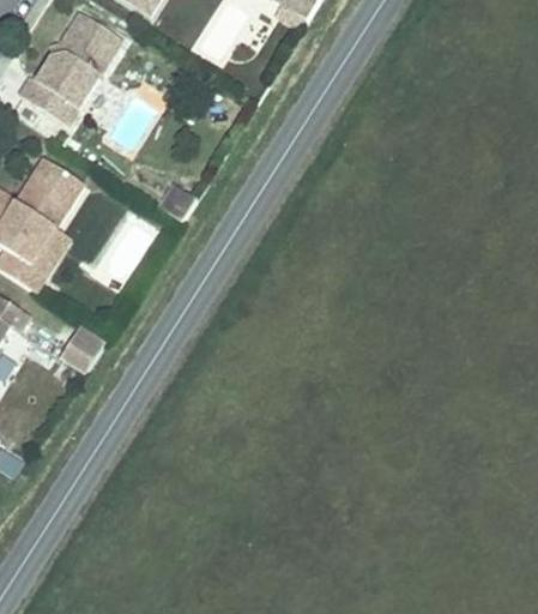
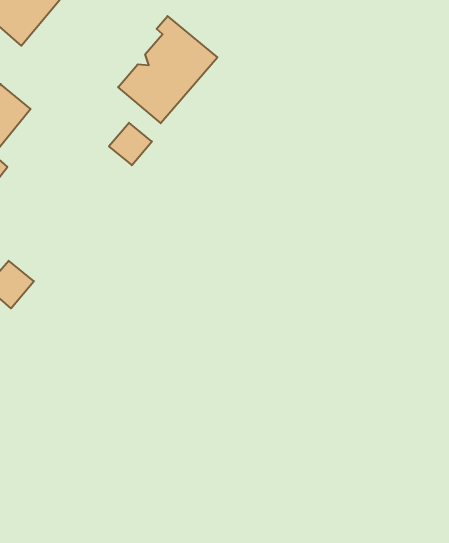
building: none -> [118,16,217,123]

